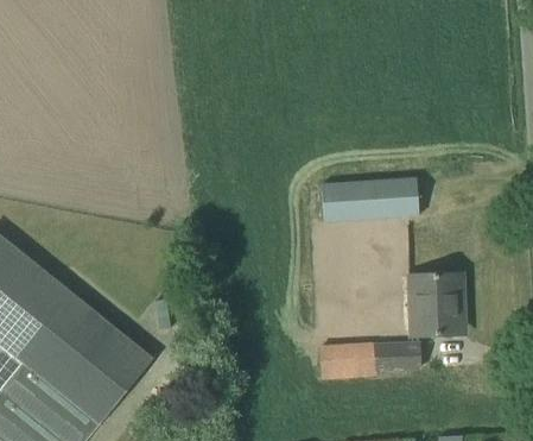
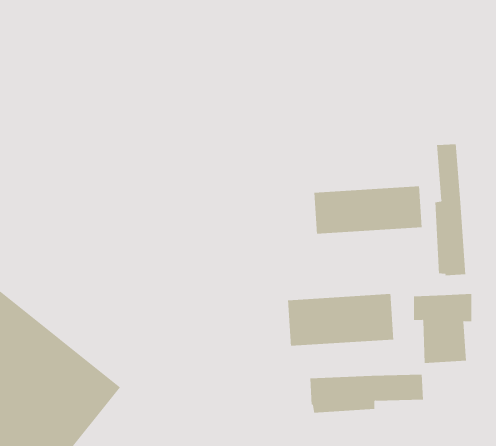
building: none -> [435,143,466,276]
building: none -> [287,293,394,347]

